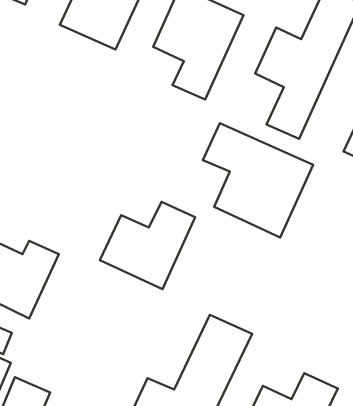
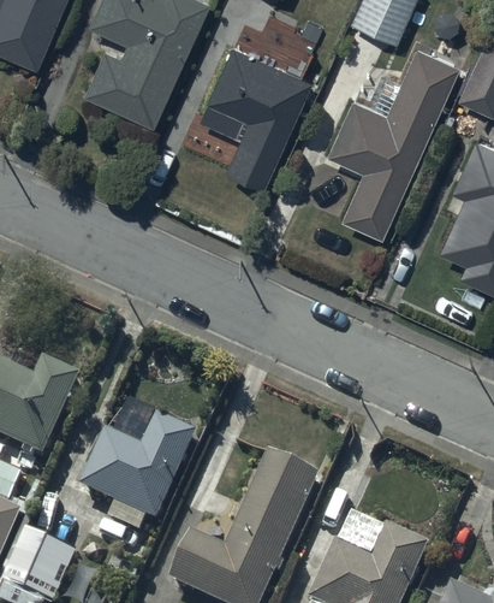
building: [203,123,313,237] -> none
building: [100,202,195,289] -> [82,412,201,521]

